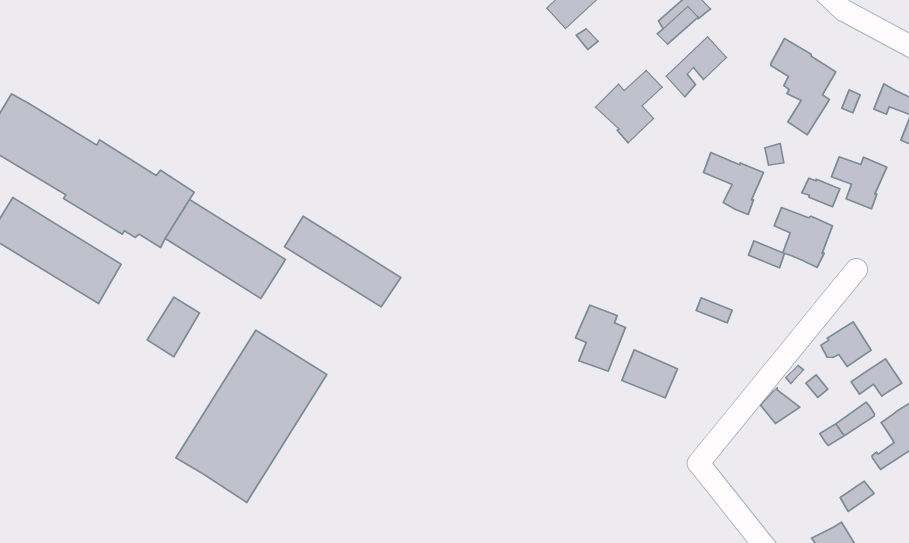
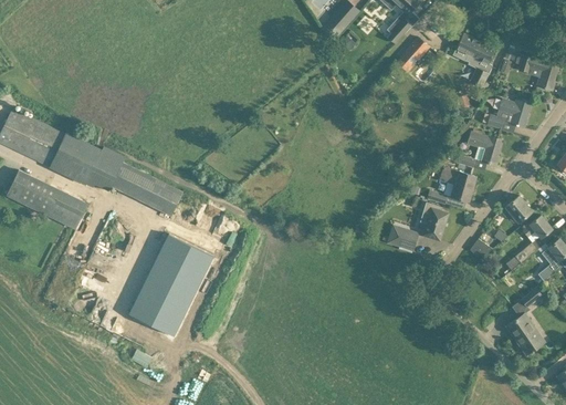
building: [596,70,662,143] -> none
building: [703,152,764,214] -> [440,168,475,202]
building: [284,216,401,307] -> none
building: [147,297,200,357] -> none
building: [575,305,625,371] -> [419,201,448,239]

